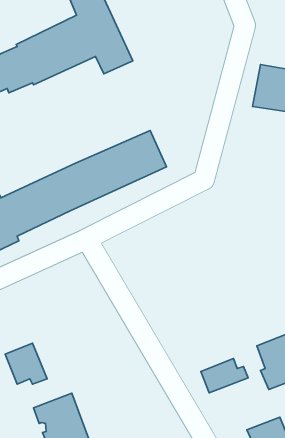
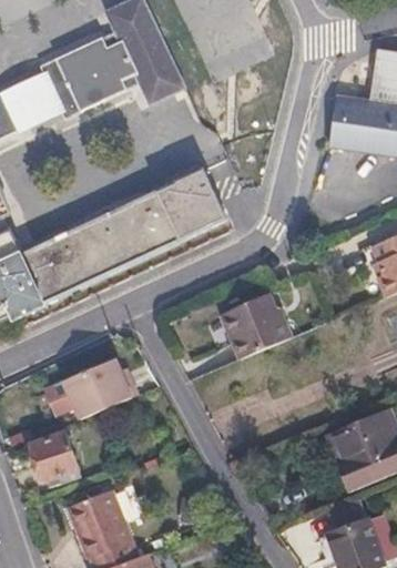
building: none -> [222,293,293,358]
building: none -> [64,359,136,418]
building: [201,358,248,393] -> none

